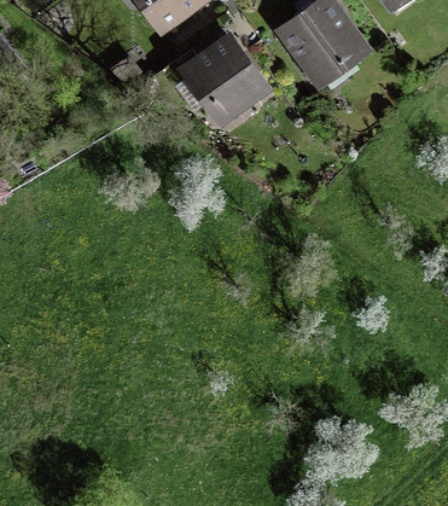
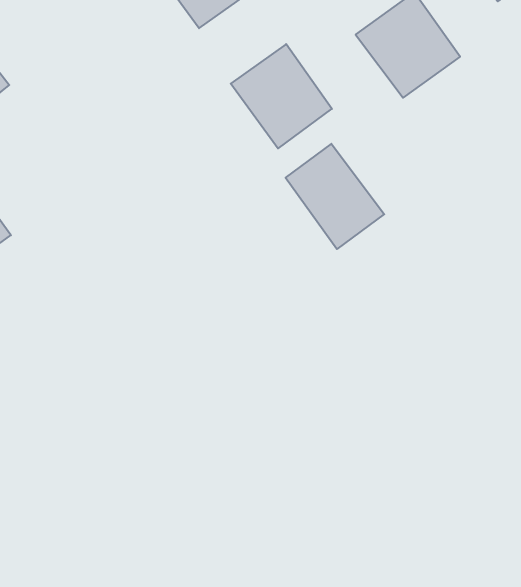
building: none -> [286,144,384,249]

